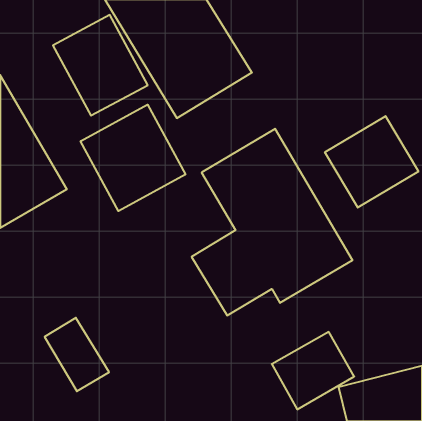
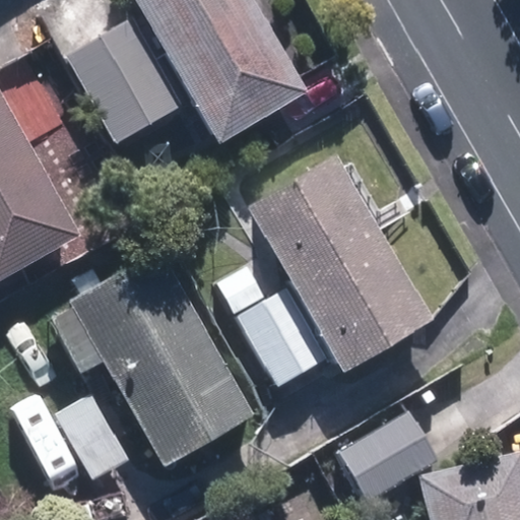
building: [81,105,185,211] -> none
building: [325,116,418,208] -> none
building: none -> [58,265,256,469]

